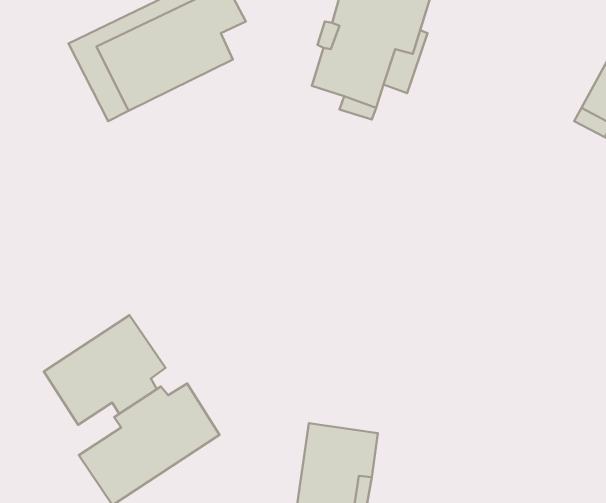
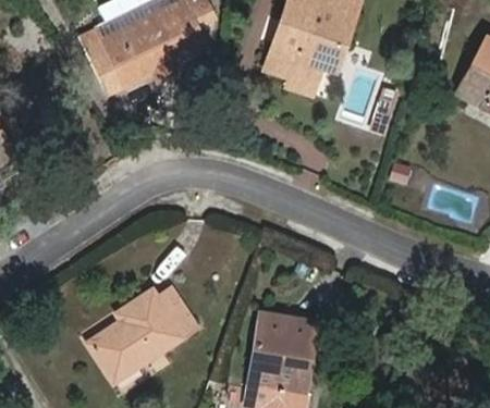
building: [44,315,166,425] -> none

